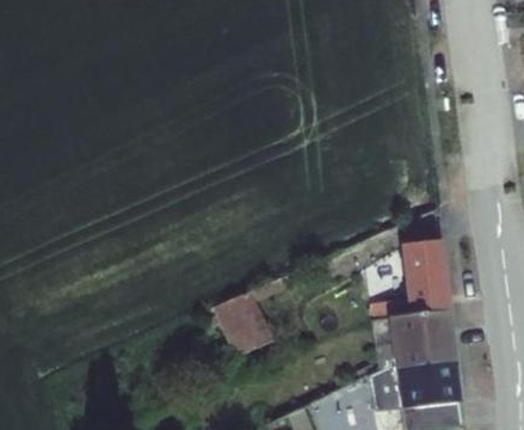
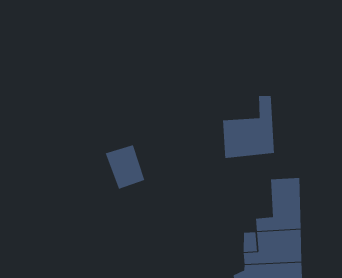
building: none -> [223,95,275,159]
building: [215,295,269,354] -> [105,145,145,190]

